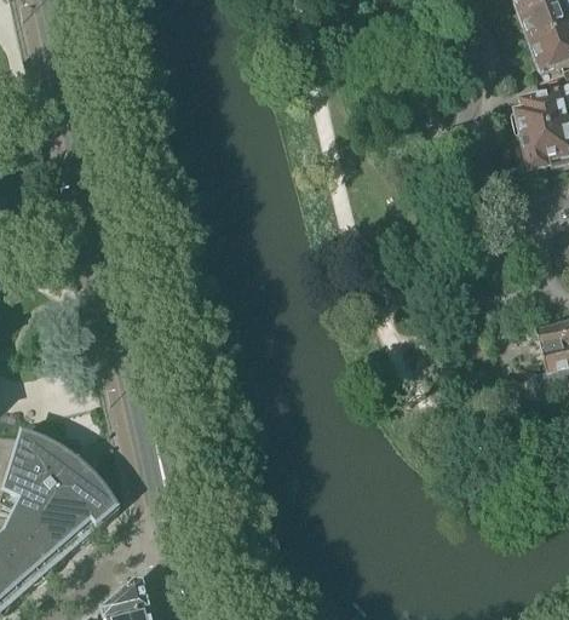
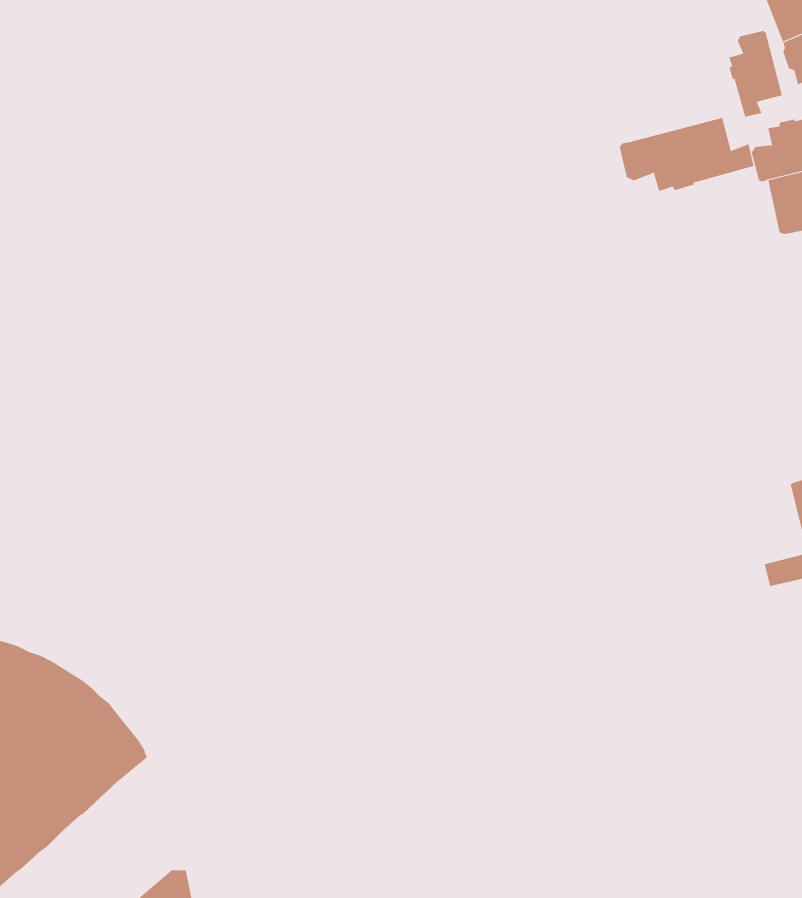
building: none -> [729,30,783,118]
building: none -> [619,117,754,192]

